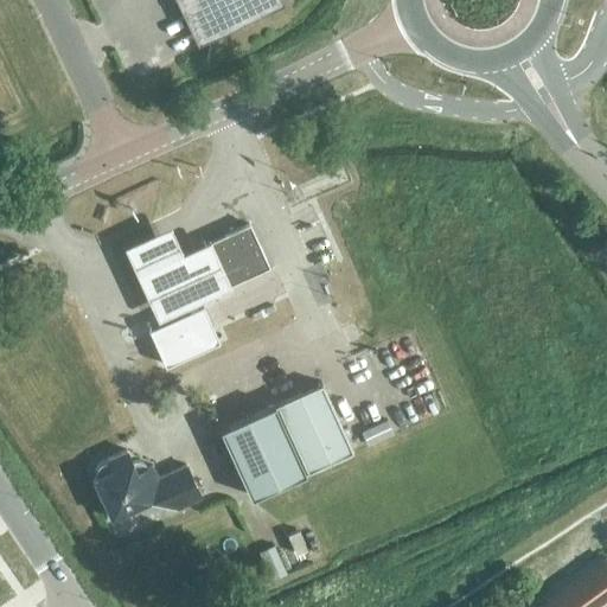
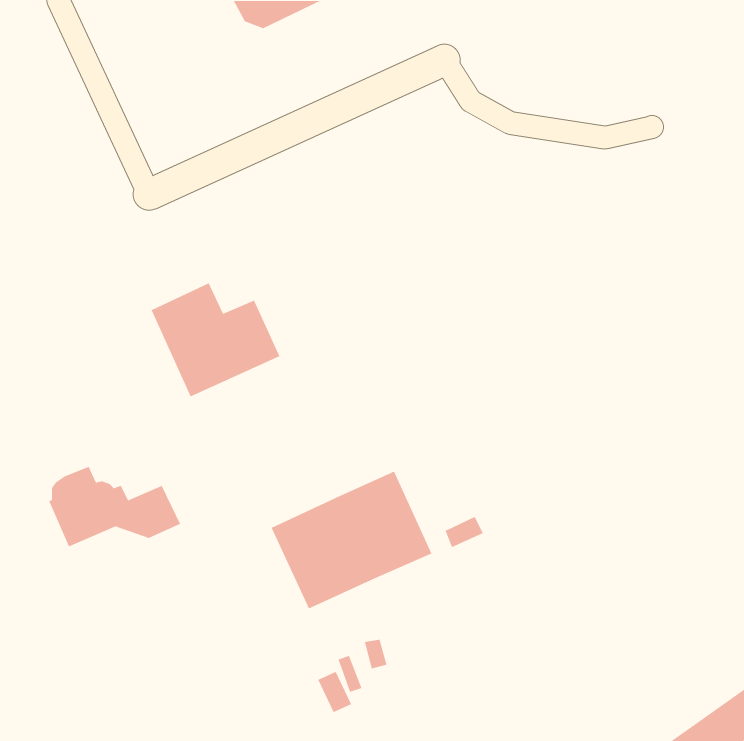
building: [209,228,269,288] -> none
building: [151,308,221,369] -> none
building: [95,454,203,520] -> [48,466,181,548]

